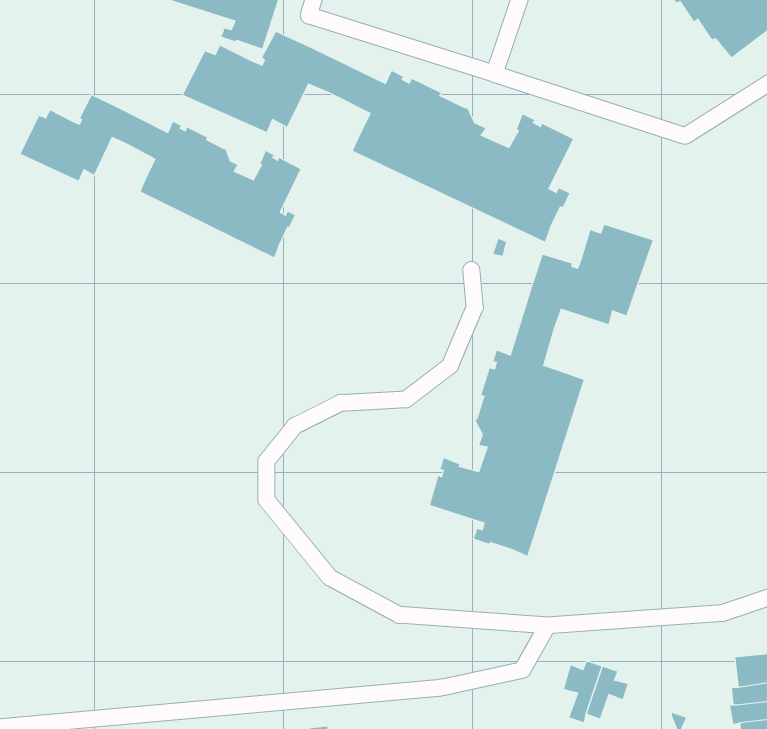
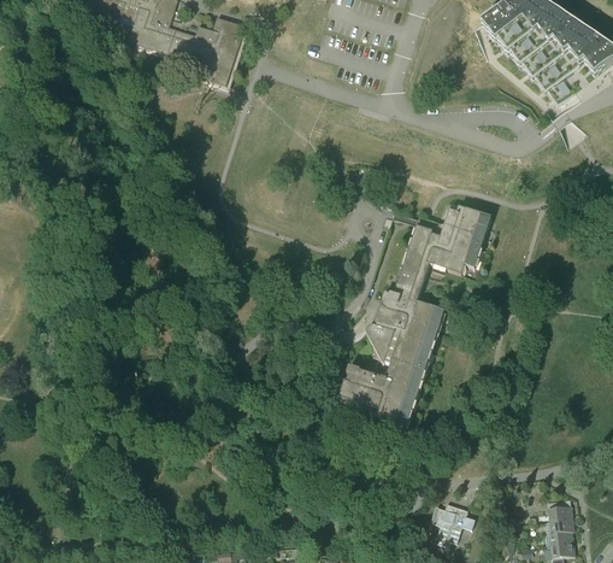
building: [182,31,574,242] -> none
building: [20,94,301,258] -> none

